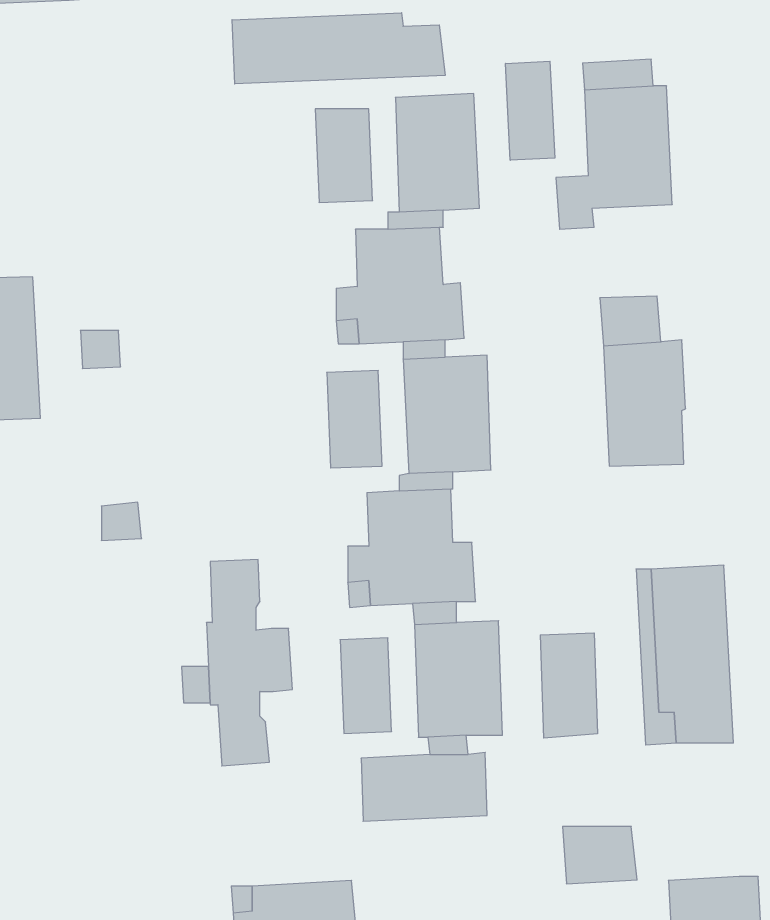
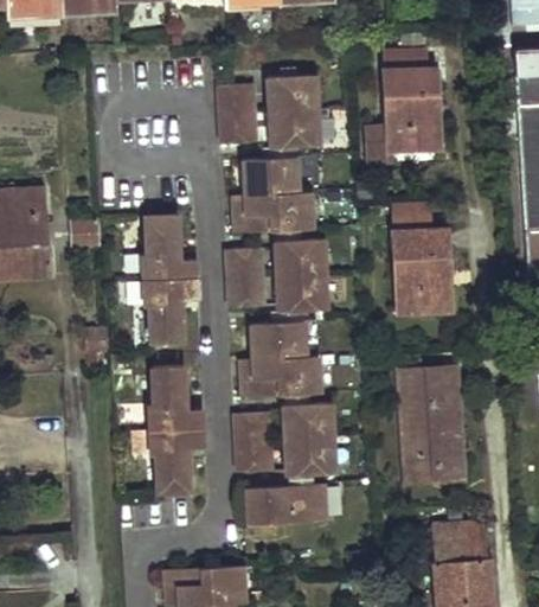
building: [232,13,445,84] -> none
building: [506,61,555,160] -> none
building: none -> [143,216,197,343]
building: [540,633,597,738] -> none
building: [563,826,637,884] -> [435,528,481,563]

